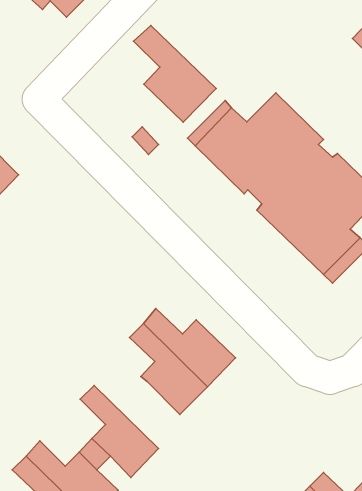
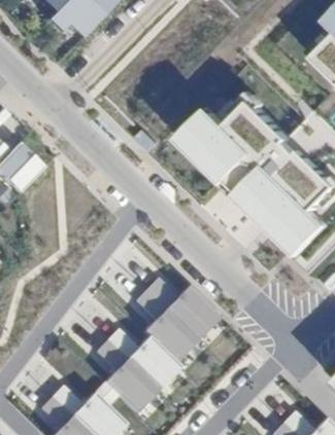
building: [134,26,216,122] -> none
building: none -> [101,327,176,390]

